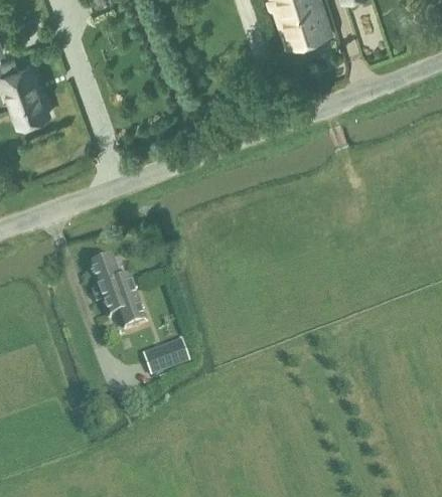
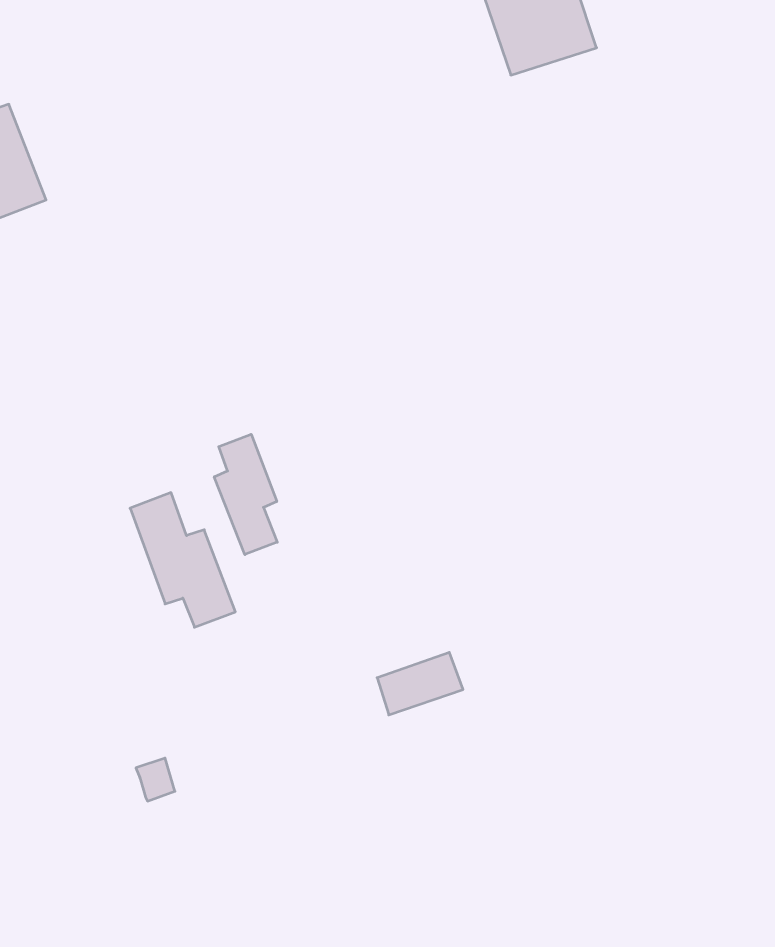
building: none -> [214,434,277,555]
building: [144,343,188,375] -> [377,652,463,715]

